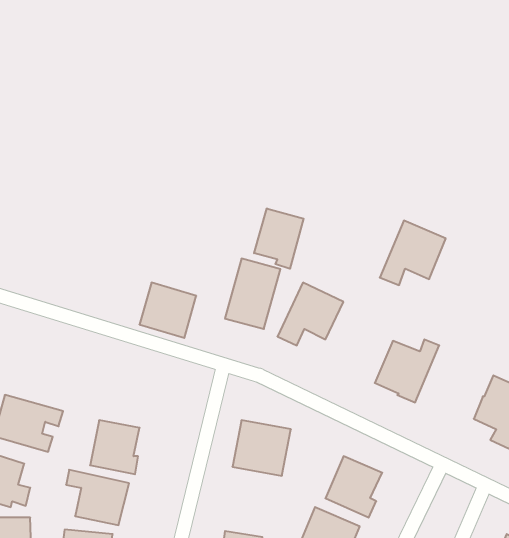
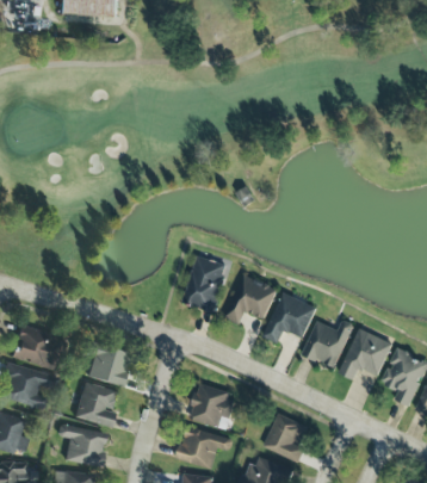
building: [254,208,304,269] -> none
building: [380,221,446,285] -> [264,292,316,343]
building: [139,283,196,338] -> [86,343,131,388]
building: none -> [13,328,55,366]
building: none -> [339,328,392,379]
building: none -> [177,426,231,469]

